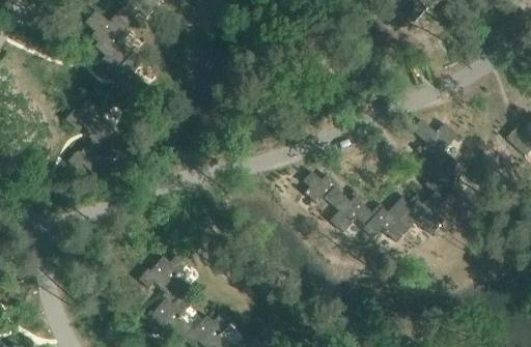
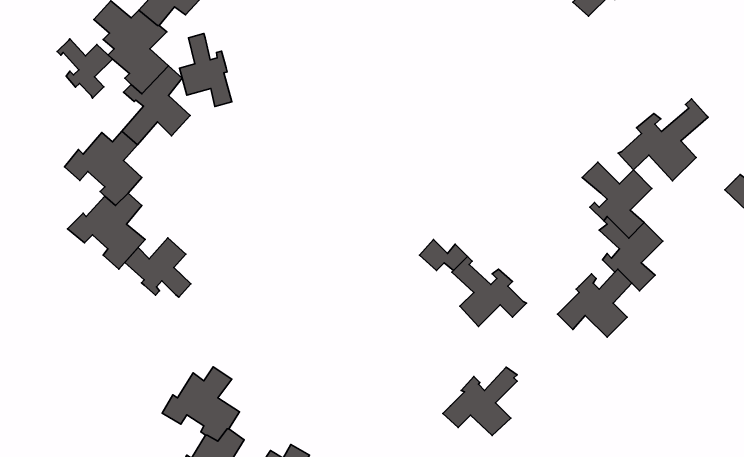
building: none -> [180,34,232,106]
building: none -> [57,39,112,98]
building: none -> [618,99,708,181]
building: none -> [125,238,191,297]
building: [358,196,408,241] -> [443,367,517,435]

